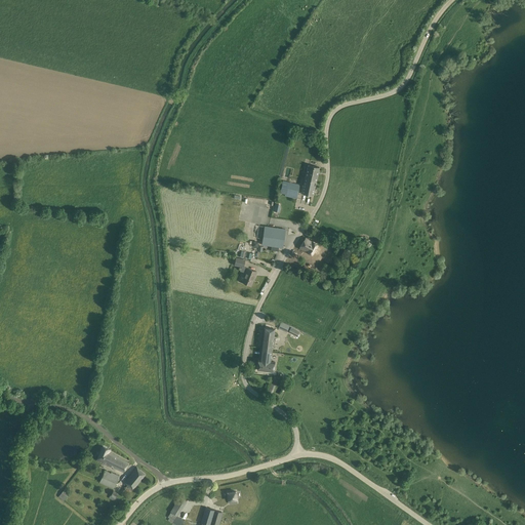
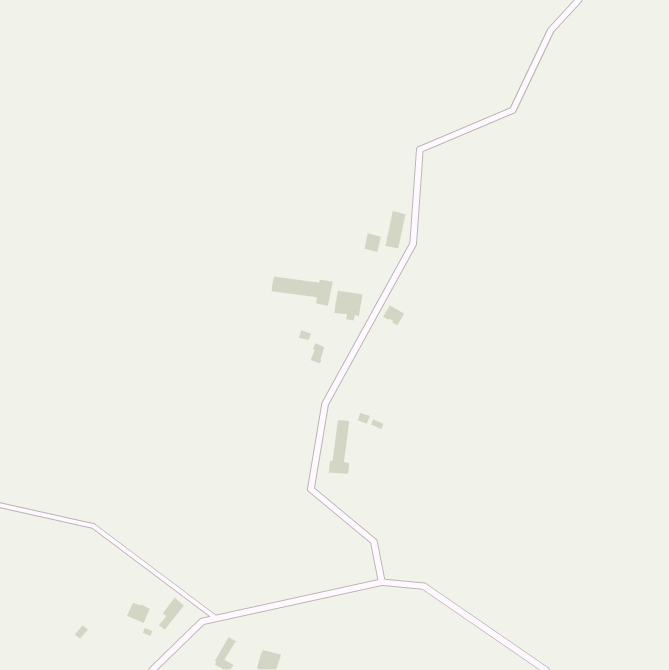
building: none -> [271,276,334,306]
building: [97,446,128,472] -> none

